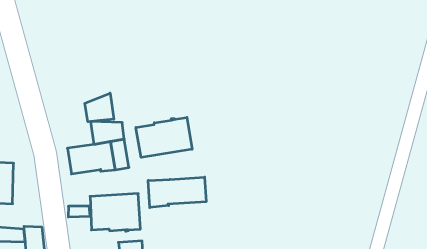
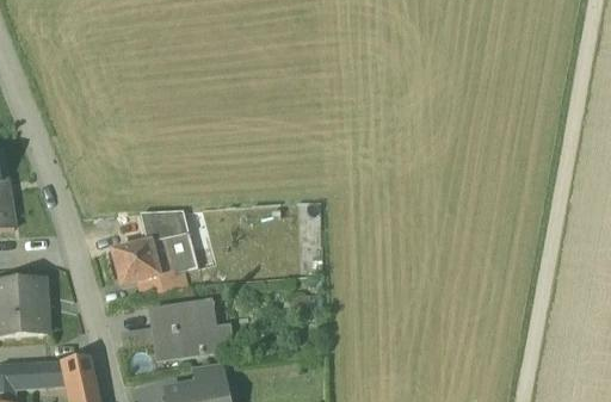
building: [85,93,114,122] -> none
building: [136,117,192,157] -> none
building: [148,177,206,208] -> none

